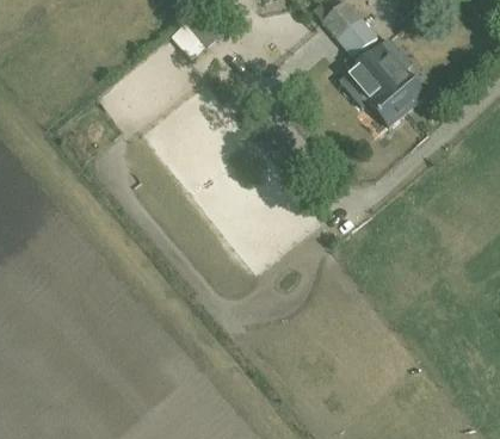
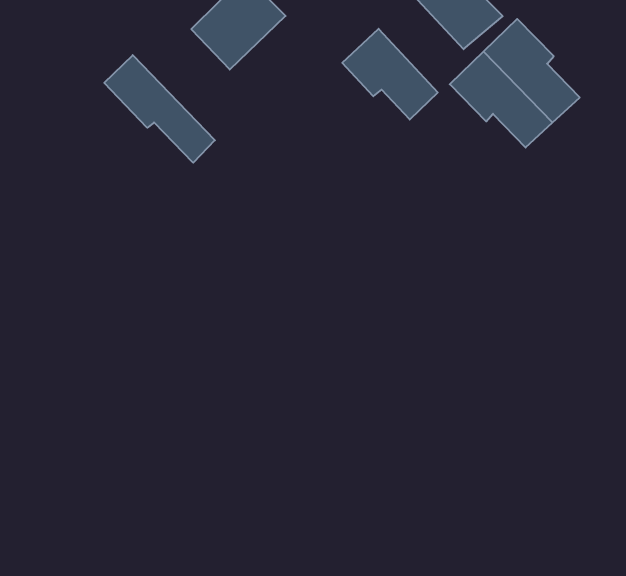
building: none -> [342,29,438,120]
building: none -> [104,55,215,163]

